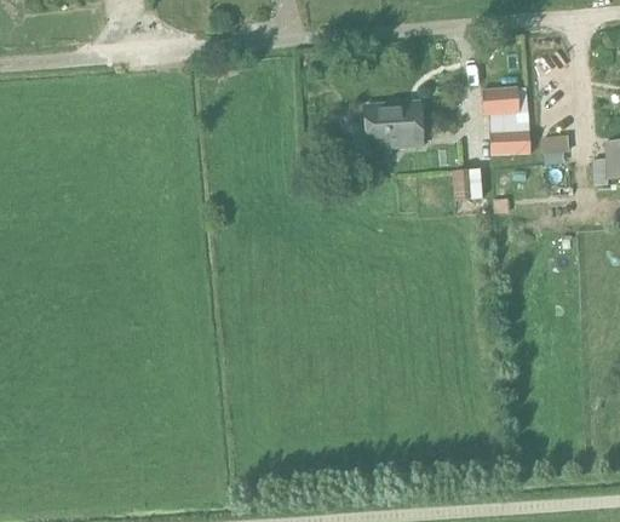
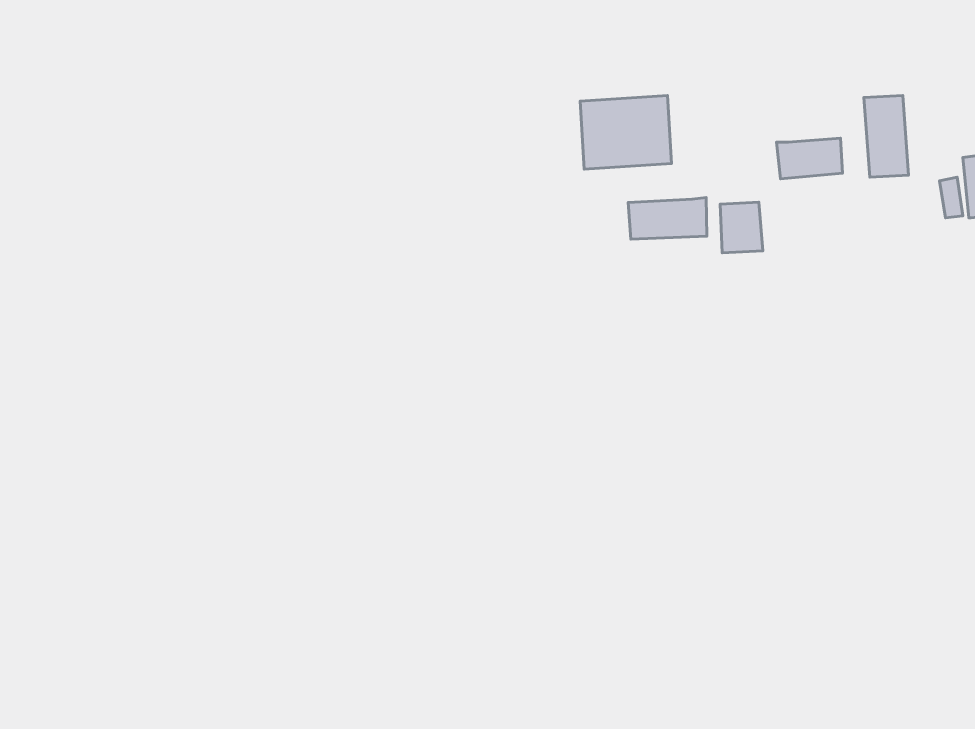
building: [482,86,518,115] -> none
building: none -> [628,197,707,239]

